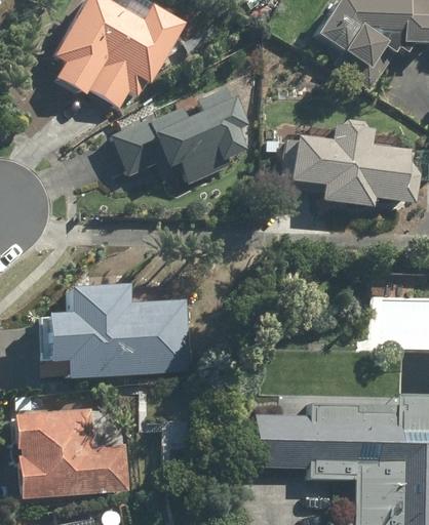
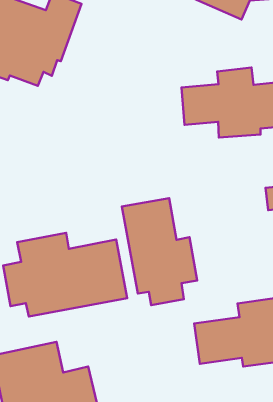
building: [110,86,248,185] -> none
building: none -> [122,198,197,305]

